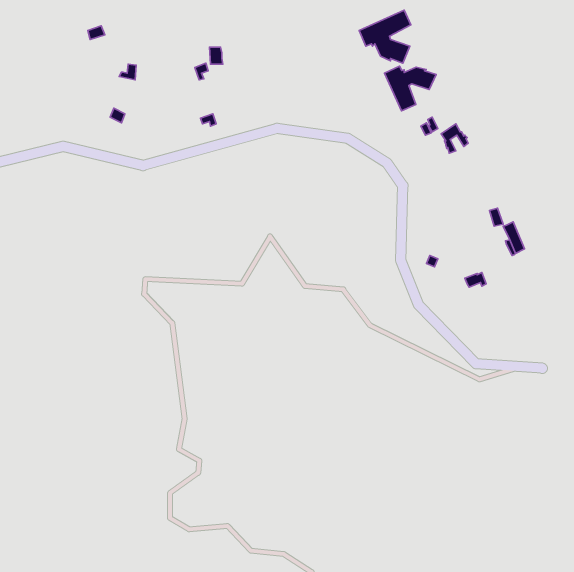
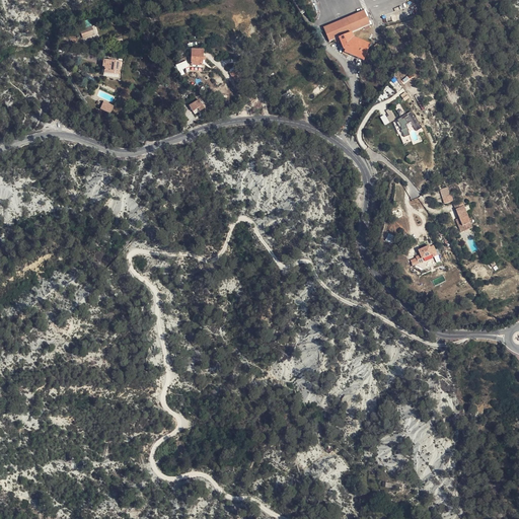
building: [385,66,436,111] -> none

